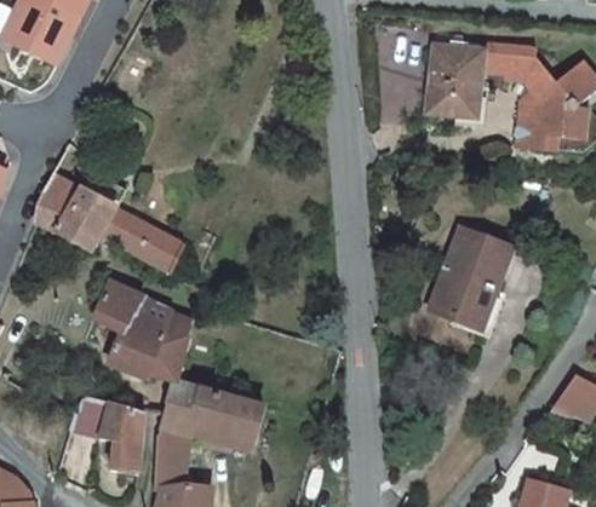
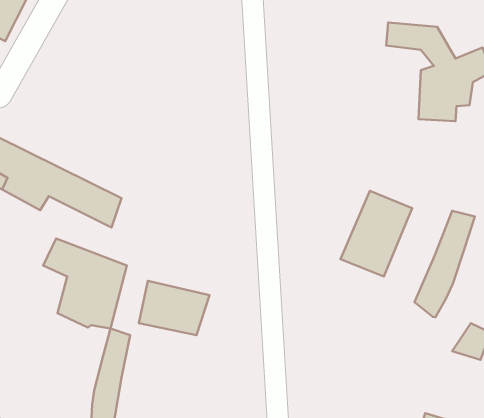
building: [431,39,485,116] -> none
building: none -> [415,211,475,317]
building: [187,391,265,451] -> [139,281,210,335]
building: [70,397,147,477] -> none

